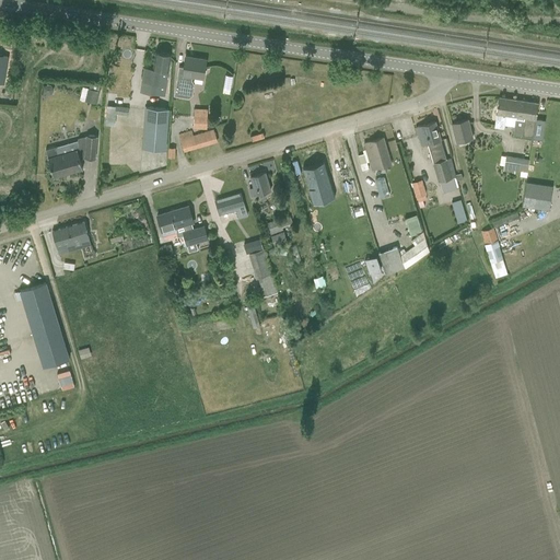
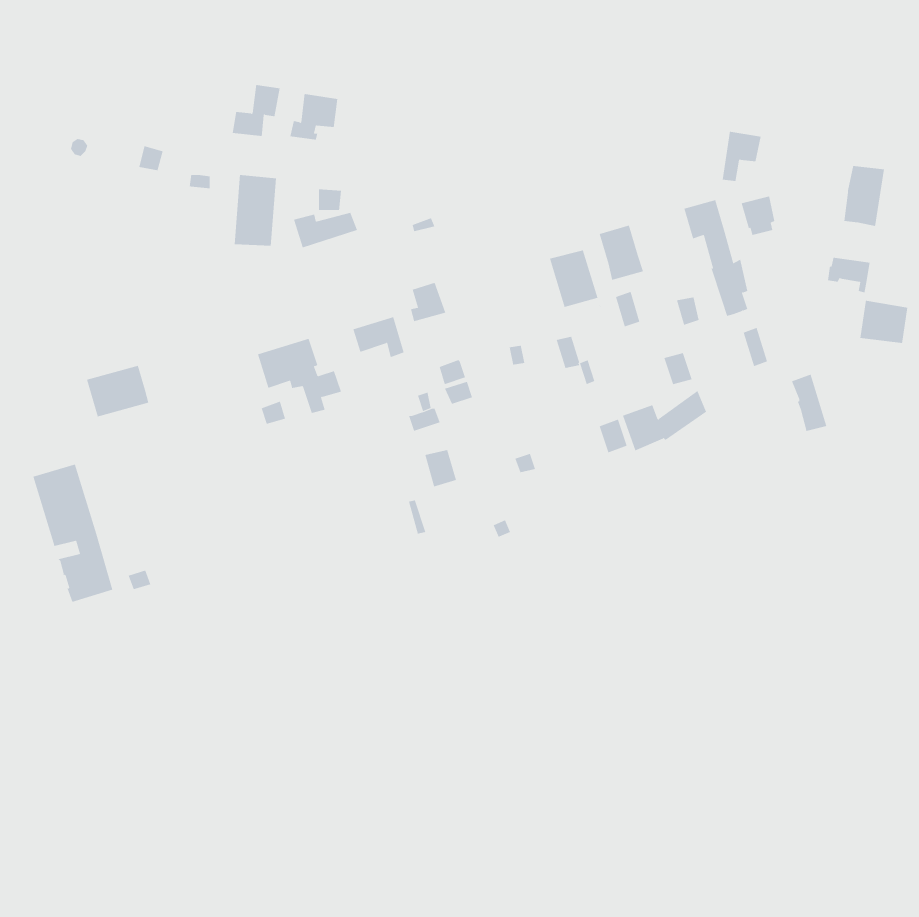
building: [494,98,518,129] -> [722,131,761,182]
building: [46,137,97,178] -> none
building: [302,161,334,202] -> [549,250,601,318]

